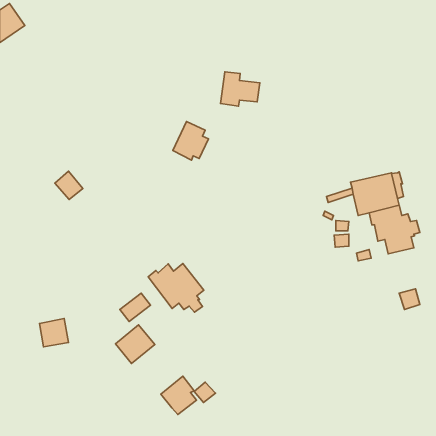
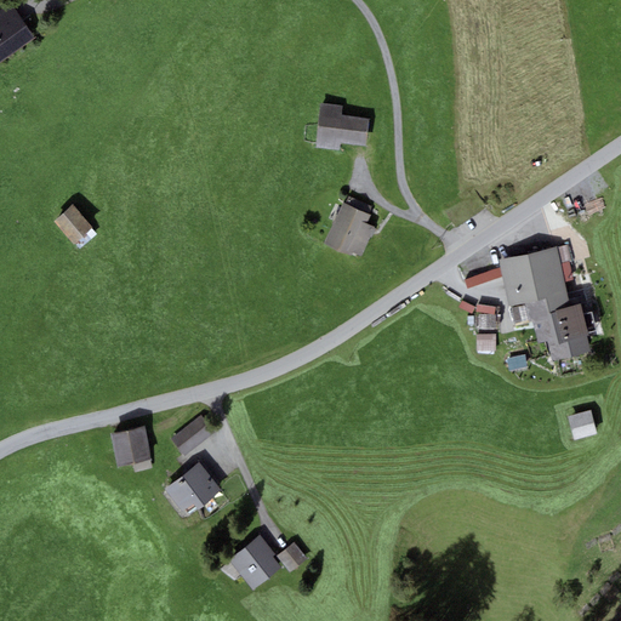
building: [173,122,209,160] -> [323,203,374,257]
building: [55,171,83,199] -> [52,203,92,243]
building: [148,263,204,312] -> none
building: [39,318,68,347] -> [109,426,150,466]

